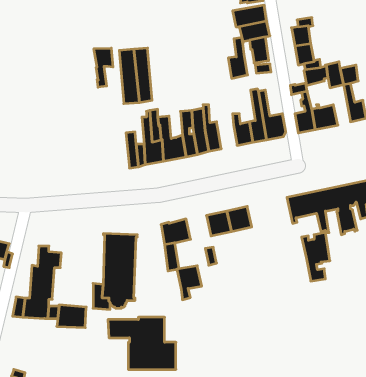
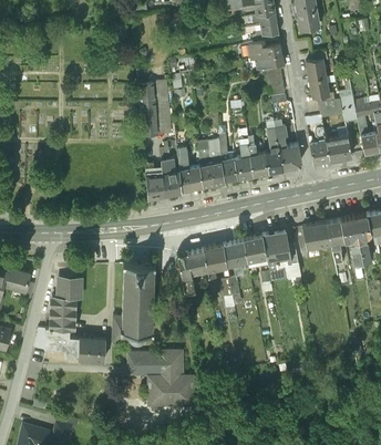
building: [228,38,248,78] -> [234,141,253,180]
building: [94,48,113,87] -> none
building: [302,233,330,281] -> [262,232,290,280]
building: [177,266,202,300] -> [203,246,227,279]

